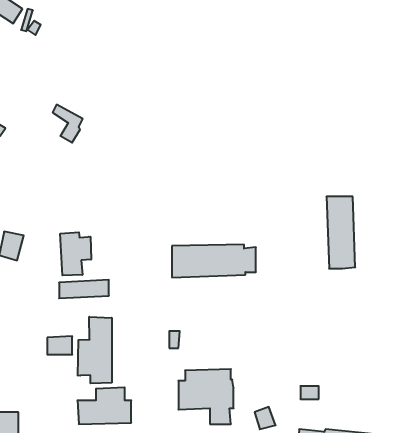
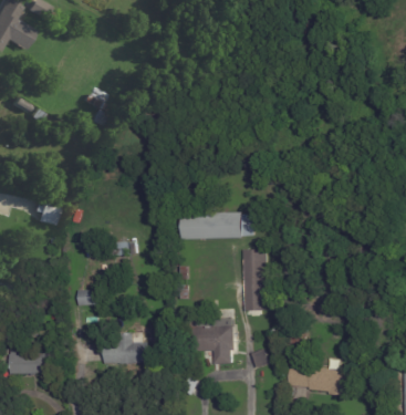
building: [326,197,355,269] -> [244,249,269,310]
building: [60,232,91,275] -> none
building: [78,317,112,383] -> none

